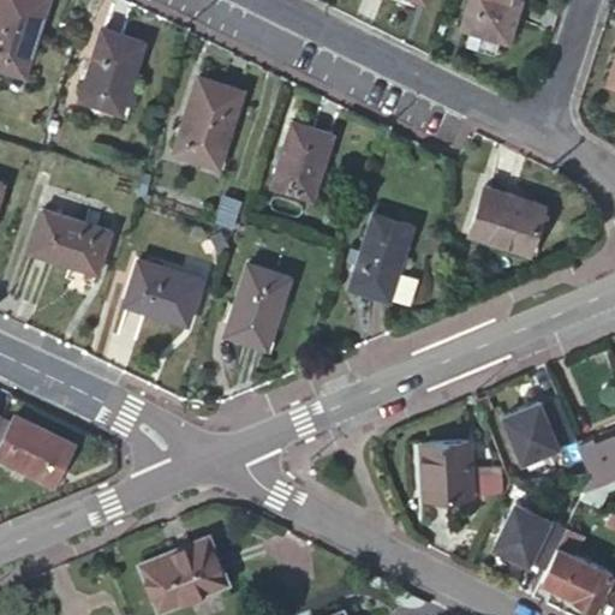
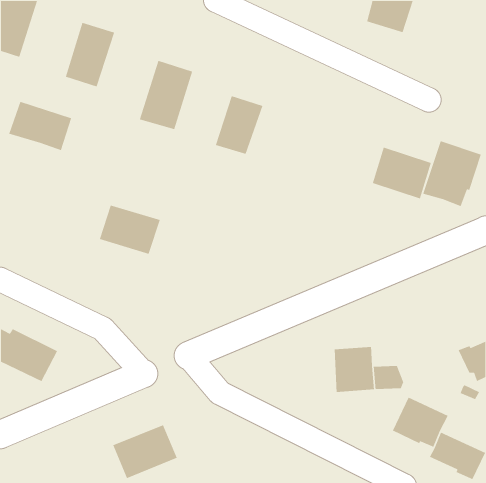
building: none -> [422,140,482,207]
building: [31,211,112,275] -> [8,101,72,151]
building: [351,214,414,301] -> none
building: [226,264,291,348] -> none
building: [504,399,575,462] -> none

